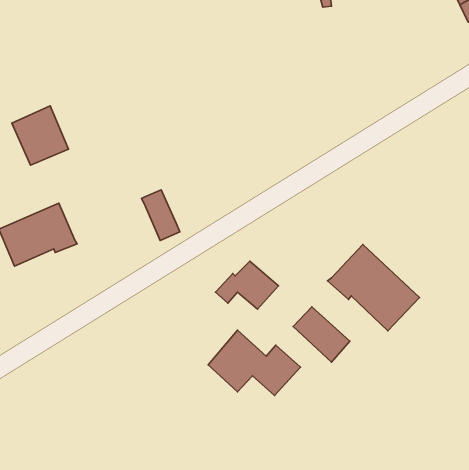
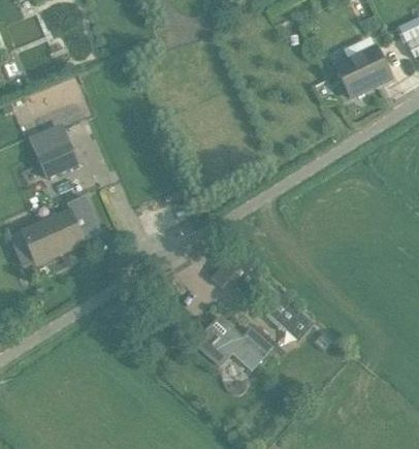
building: none -> [335,46,389,96]
building: [142,190,180,240] -> [68,197,100,239]
building: [327,245,419,331] -> none

